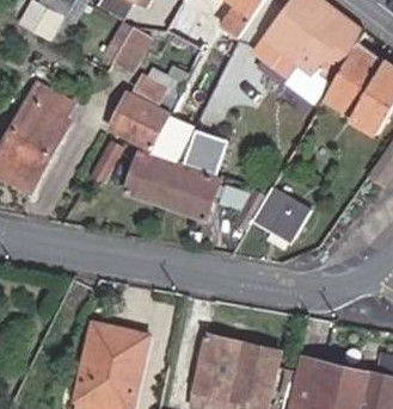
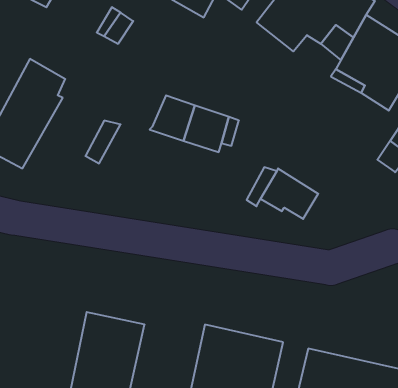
building: [111,70,182,149] -> none
building: [125,151,217,217] -> none

